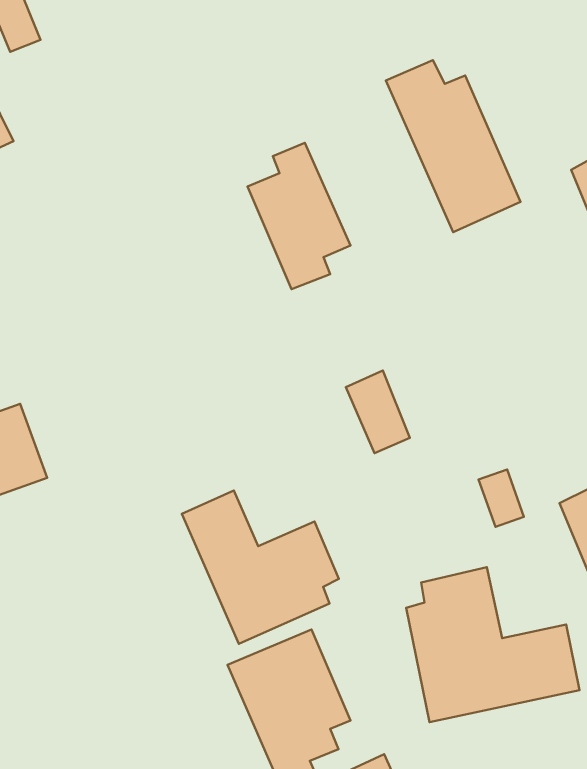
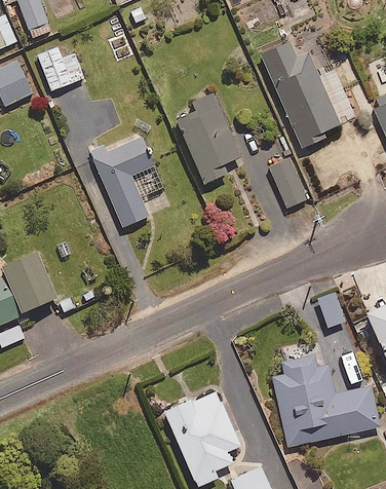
building: none -> [37,46,83,89]
building: none -> [91,135,153,226]
building: [346,370,410,453] -> [269,156,308,206]
building: [182,491,339,644] -> none

